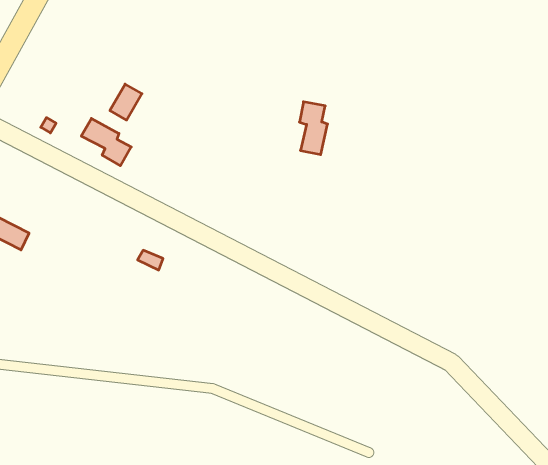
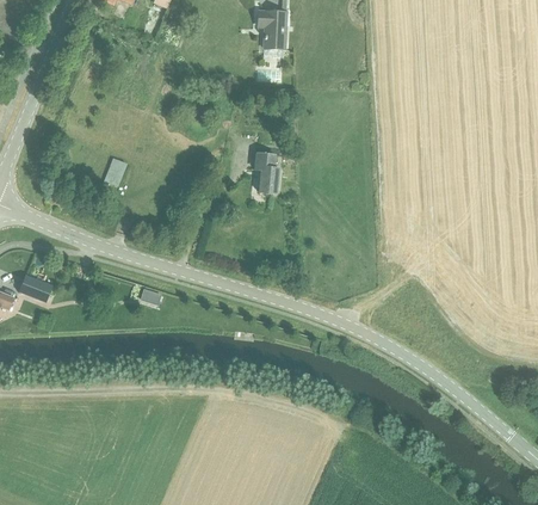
building: [81,118,131,166] -> none

